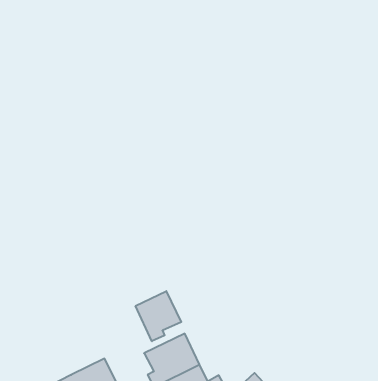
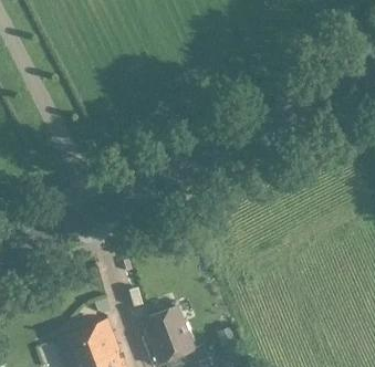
building: [136,291,181,341] -> none

